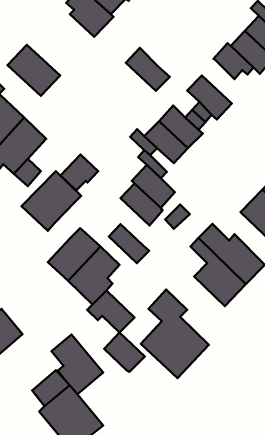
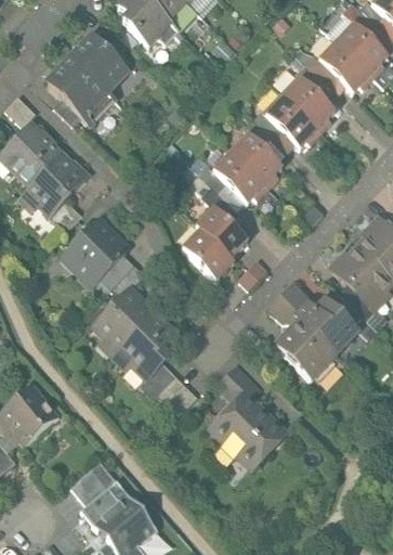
building: none -> [65,34,129,96]
building: [126,48,170,91] -> [281,78,336,131]
building: [60,155,98,190] -> [100,253,146,297]
building: [109,224,149,263] -> none
building: [104,332,145,372] -> none
building: [52,334,103,394] -> none

